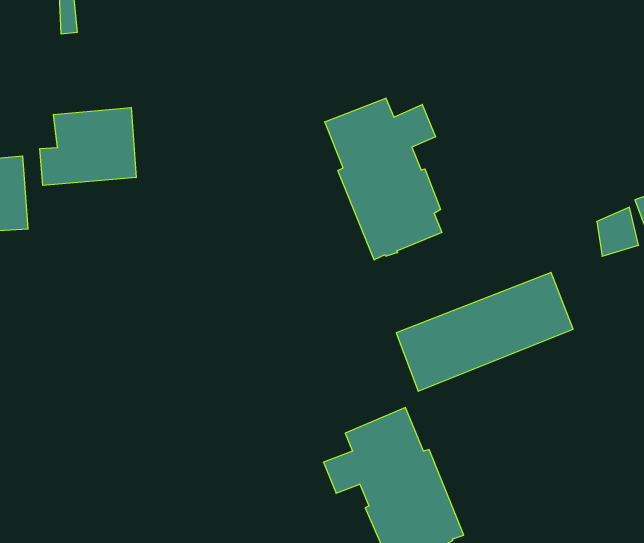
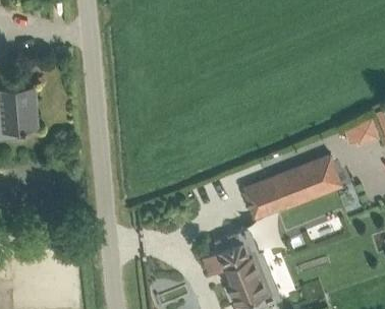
building: [325,98,442,260] -> none
building: [40,107,136,185] -> none

